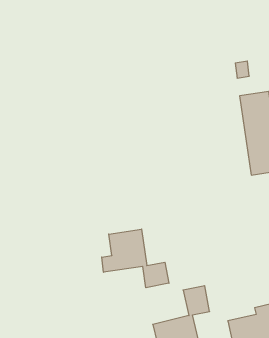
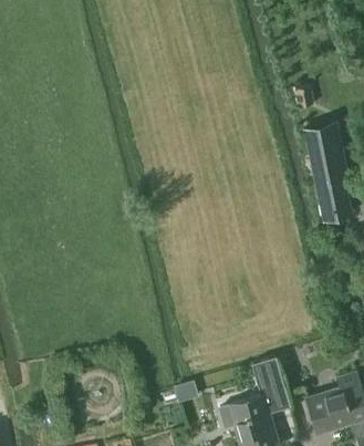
building: [102,229,169,288] -> none

